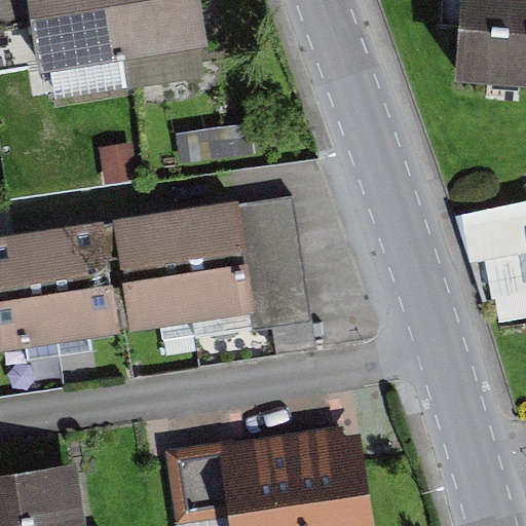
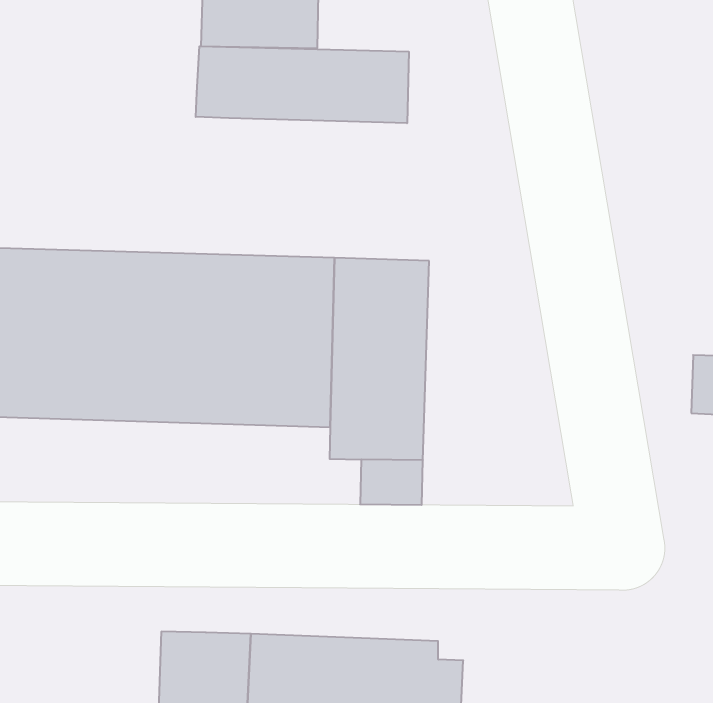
building: none -> [196,46,409,123]

